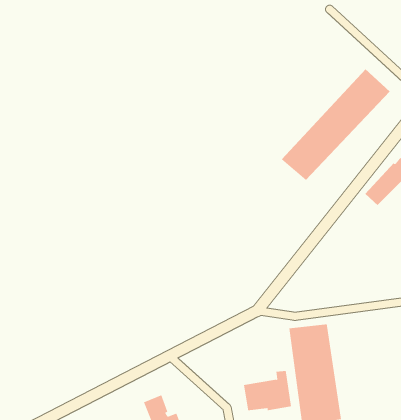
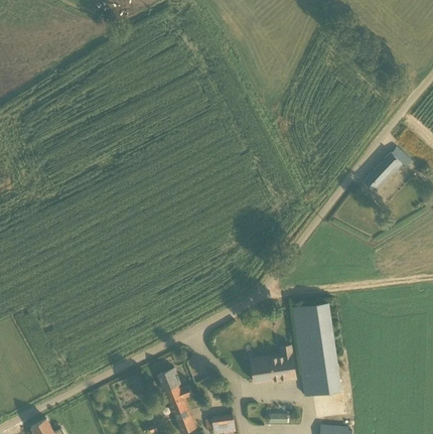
building: [281,68,390,181] -> none

